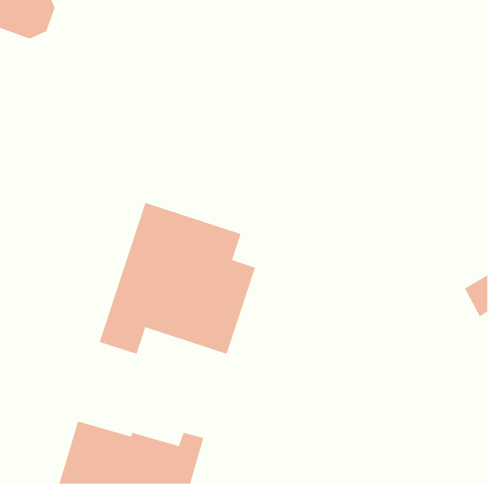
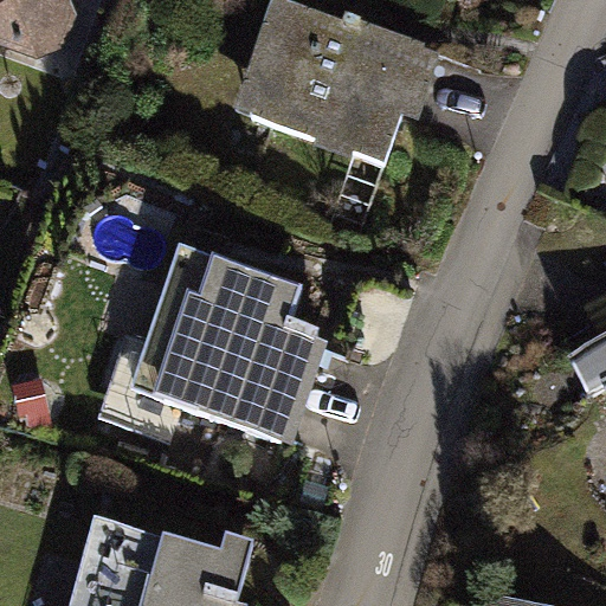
building: none -> [258,8,421,162]

